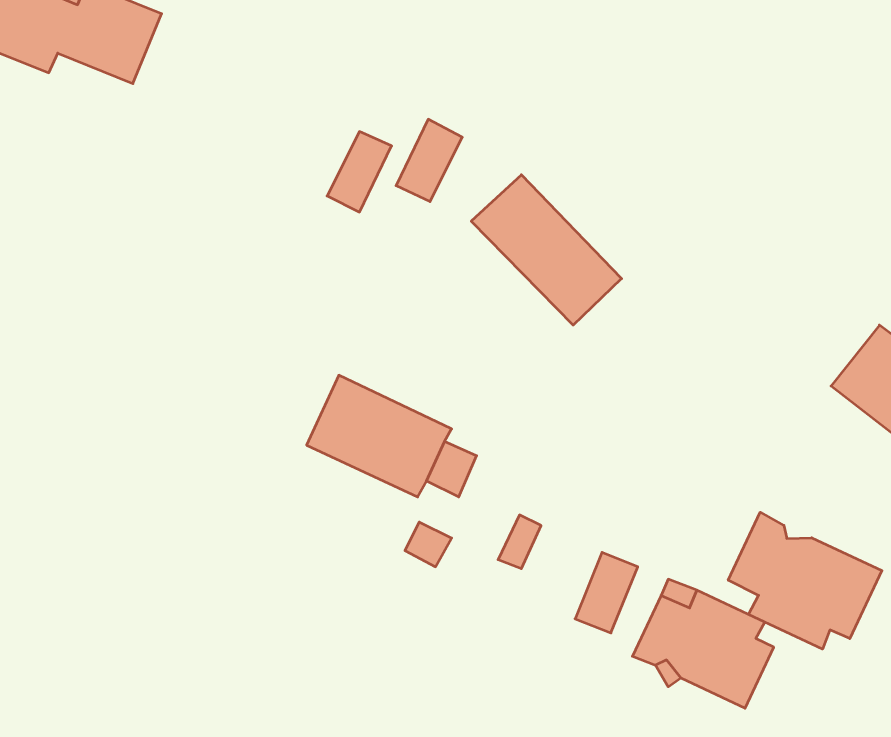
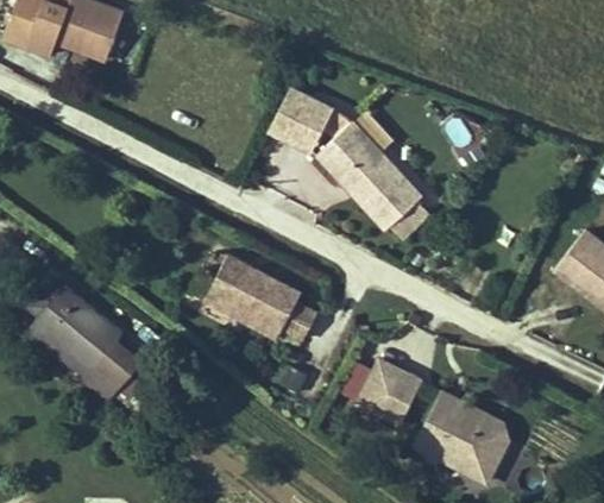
building: [327,132,392,212] -> [290,101,333,155]
building: none -> [17,273,152,396]
building: [728,512,882,649] -> none
building: none -> [363,367,404,421]

